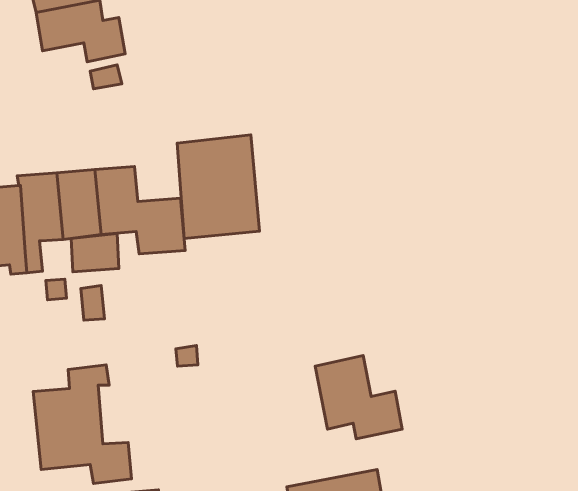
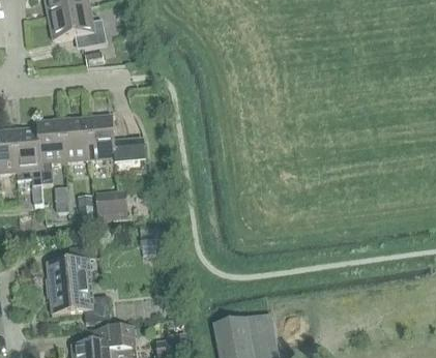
building: [177,135,260,239] -> none
building: [71,234,119,272] -> [94,187,125,212]
building: [315,356,402,439] -> none

